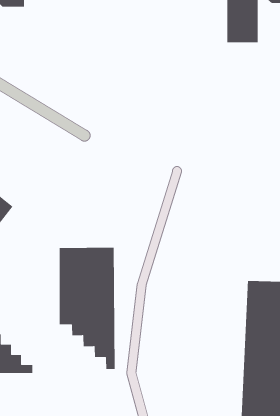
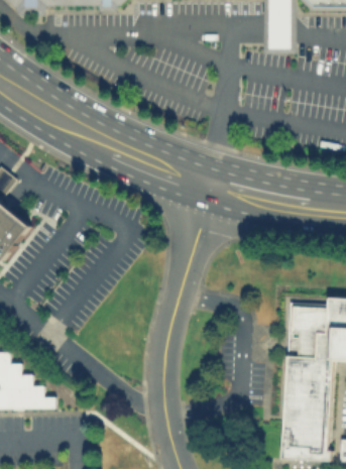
building: [59,247,116,370] -> none

